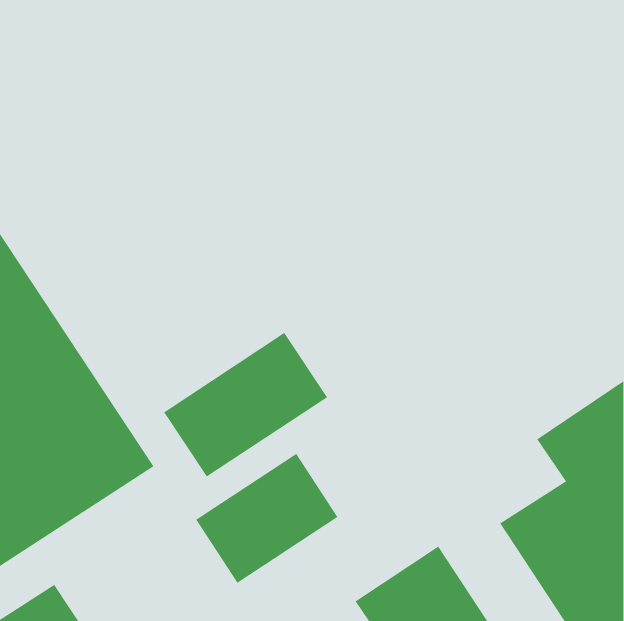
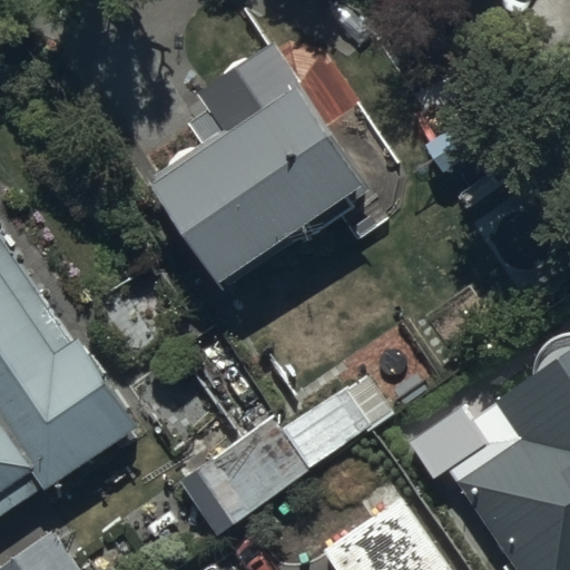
building: none -> [148,77,365,282]
building: [163,332,328,478] -> none

